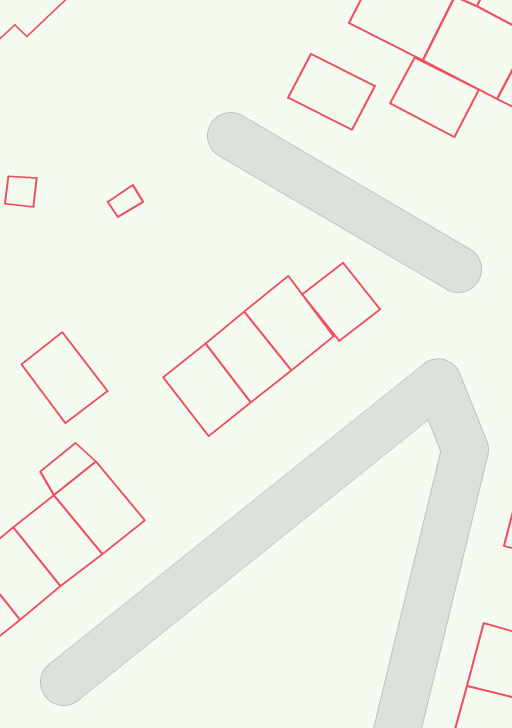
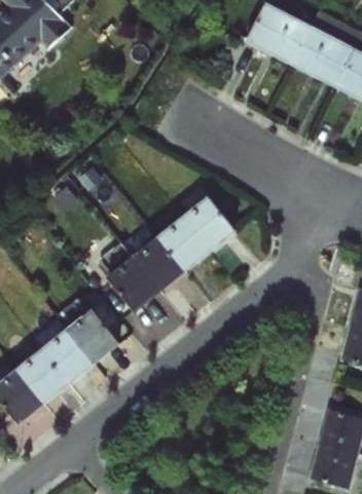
building: [288,54,375,130] -> none
building: [390,57,479,137] -> none
building: [302,263,380,341] -> none
building: [22,332,108,423] -> [107,257,159,312]

